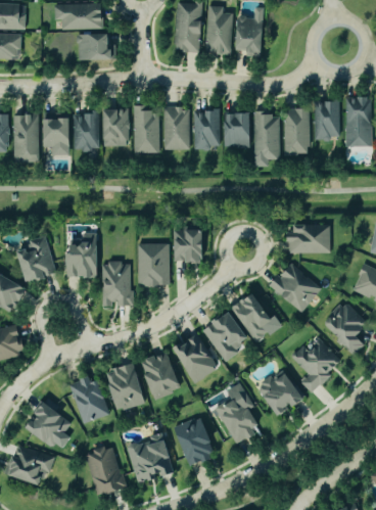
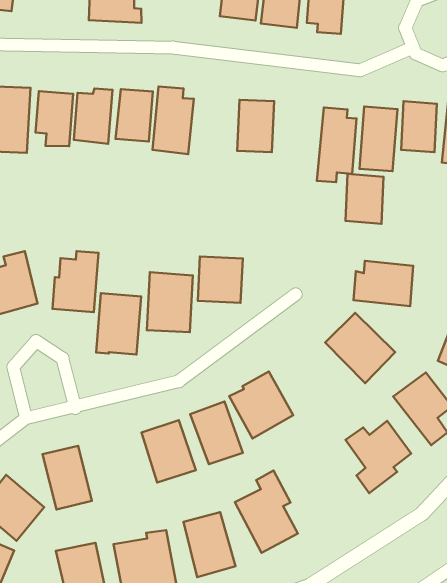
building: [162,107,190,150] -> none
building: [225,112,252,147] -> [345,174,384,224]
building: [235,292,275,339] -> none
building: [106,363,146,411] -> none
building: [257,368,304,416] -> none

